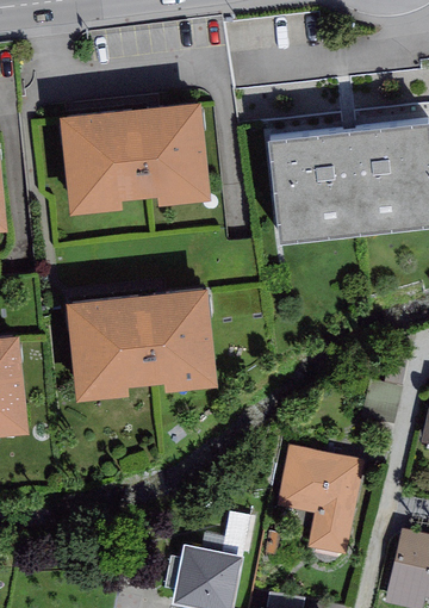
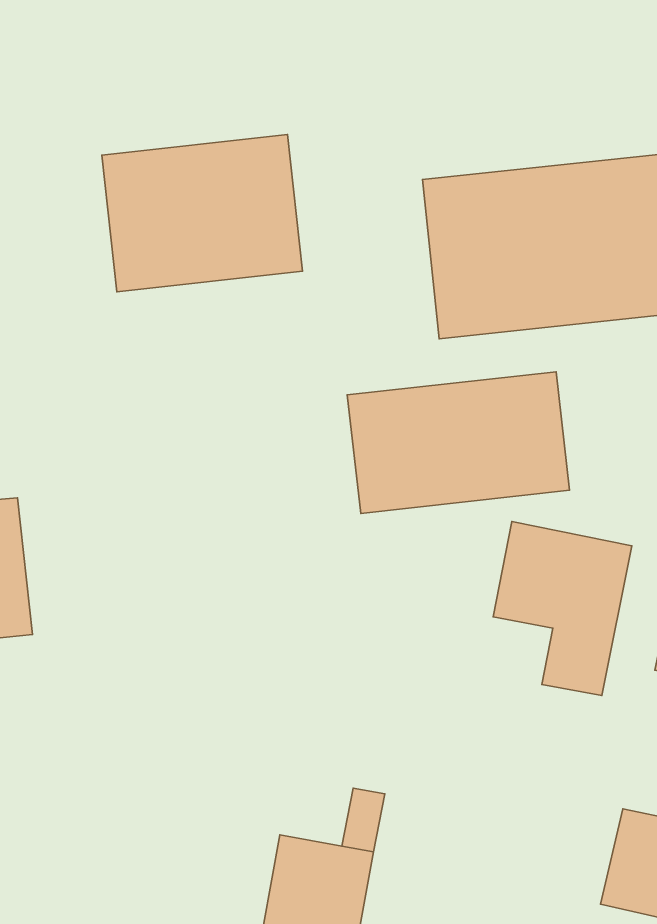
building: none -> [347,372,570,513]
building: [76,287,204,387] -> none
building: [275,451,363,562] -> [493,521,632,696]

